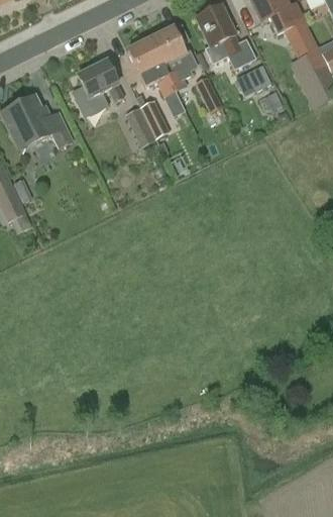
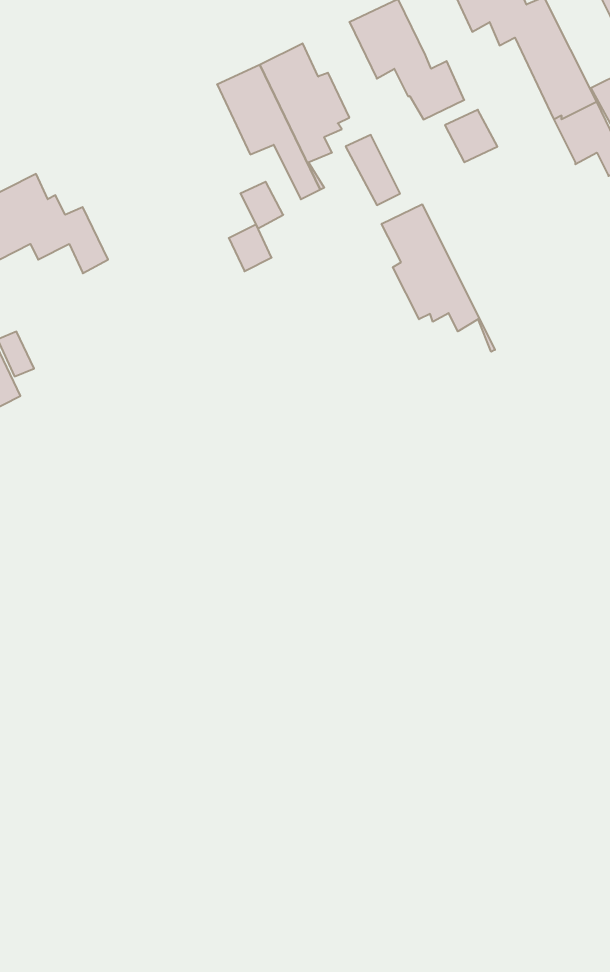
building: [72,61,124,114] -> none
building: none -> [382,204,495,352]

